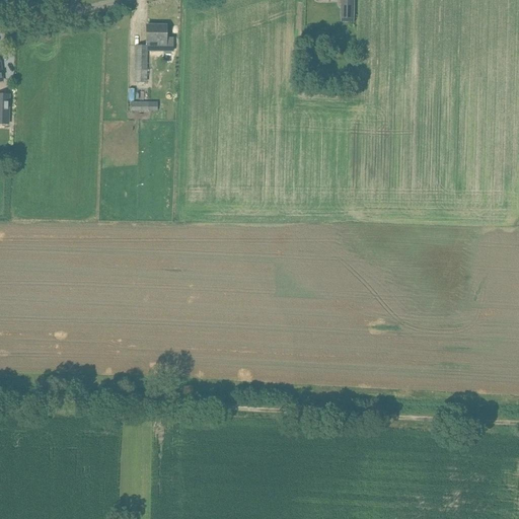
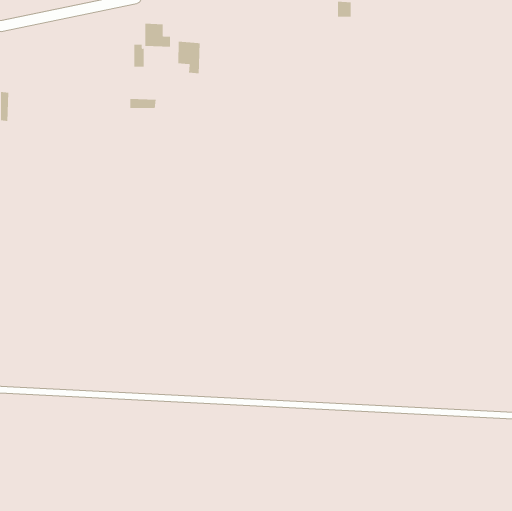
building: none -> [178,41,200,74]

